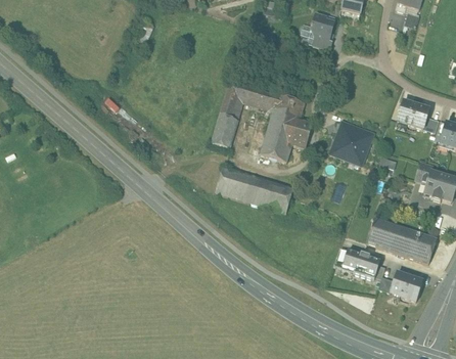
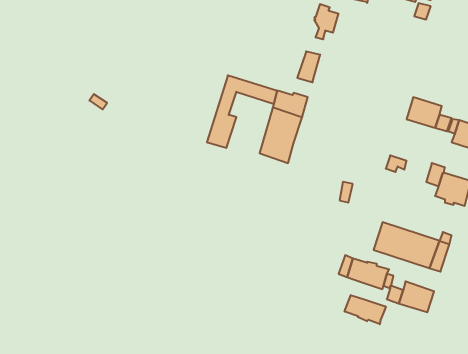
building: [291,119,313,147] -> [297,51,320,82]
building: [330,125,371,165] -> none
building: [215,166,293,214] -> none
building: none -> [345,295,386,324]

